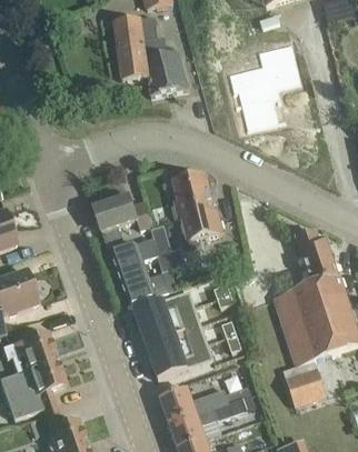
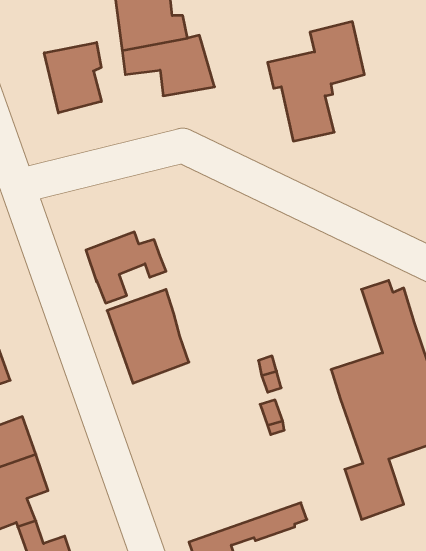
building: none -> [44,42,101,113]
building: [172,172,222,241] -> none
building: [149,224,186,272] -> none
building: [130,295,203,389] -> none
building: [160,385,251,423] -> none

